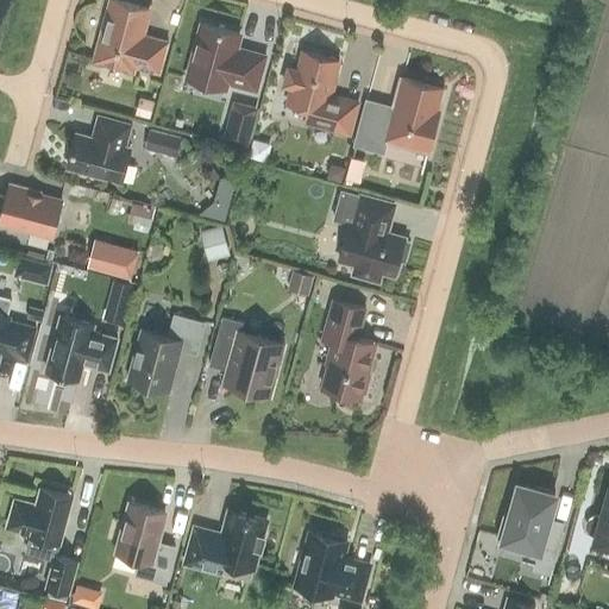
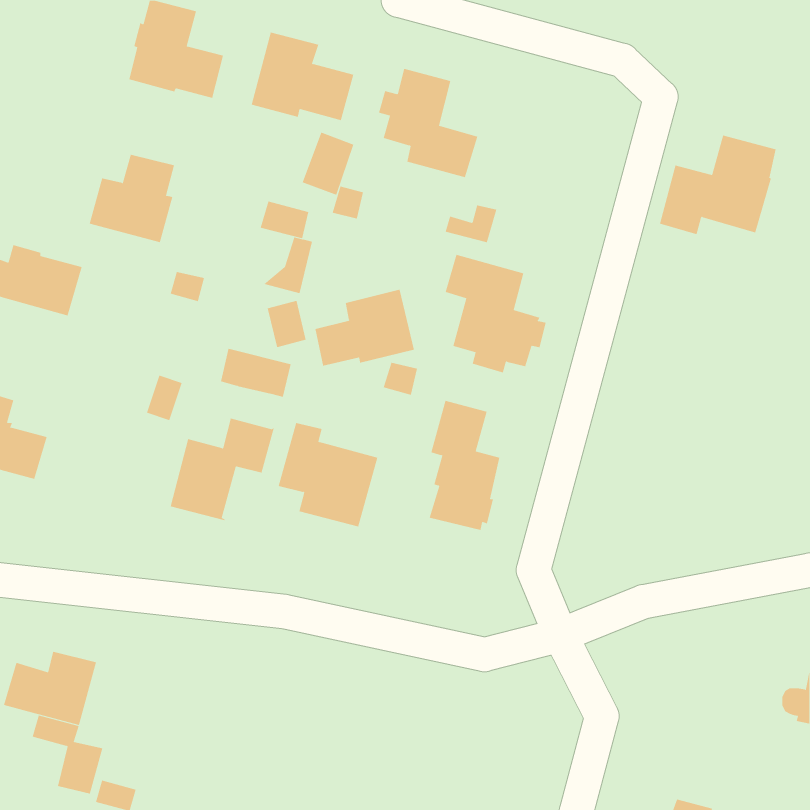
building: [354,79,442,153] -> [659,135,777,235]
building: [143,130,180,158] -> [260,201,309,239]
building: none -> [315,289,415,367]
building: [84,241,138,278] -> [220,348,291,397]
building: [45,316,117,381] -> none
building: [496,488,560,576] -> none
building: [117,503,175,584] -> none
building: [186,510,265,579] -> none
building: [295,533,369,599] -> none

